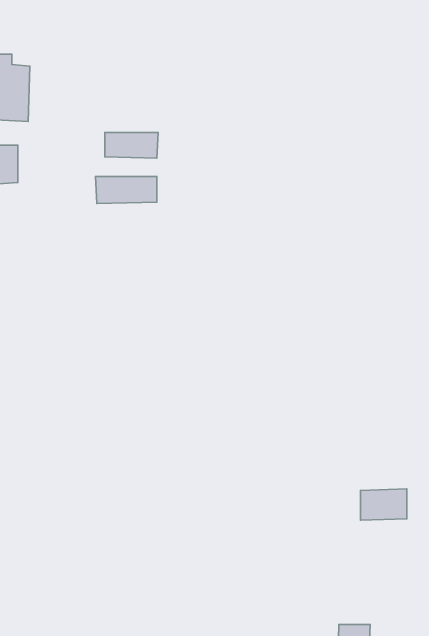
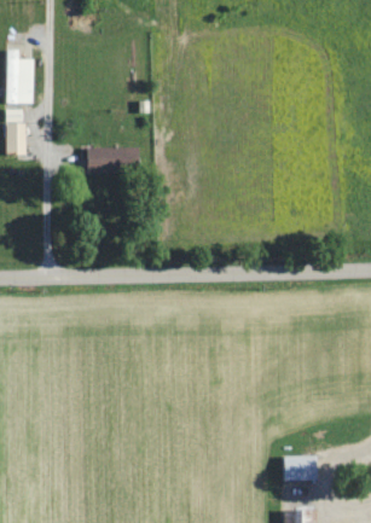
building: [105,132,158,158] -> none
building: [361,489,407,520] -> [280,455,318,481]

